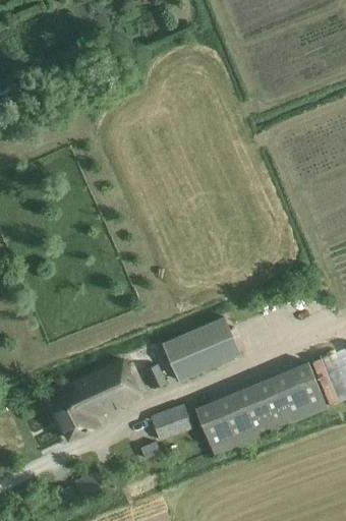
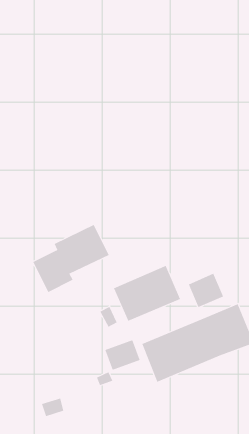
building: none -> [188,273,224,308]
building: [50,358,141,440] -> [32,224,110,293]

